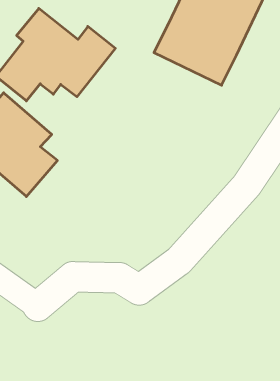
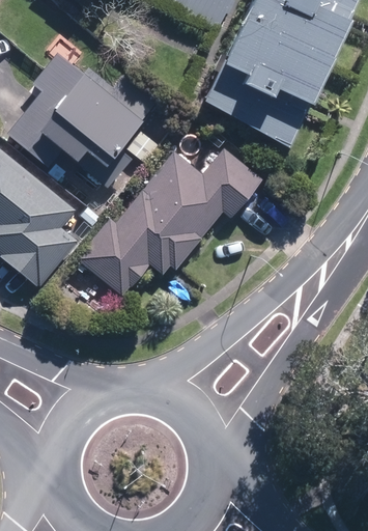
building: none -> [76,148,262,295]

